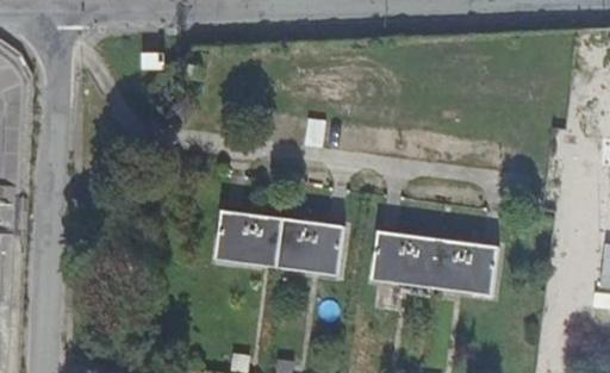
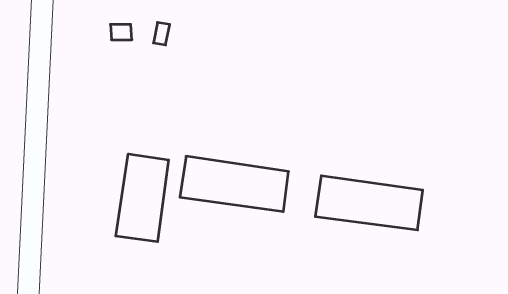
building: none -> [116,154,169,242]

